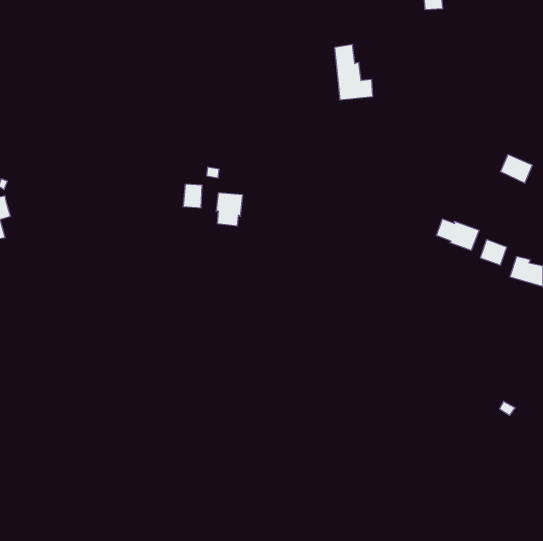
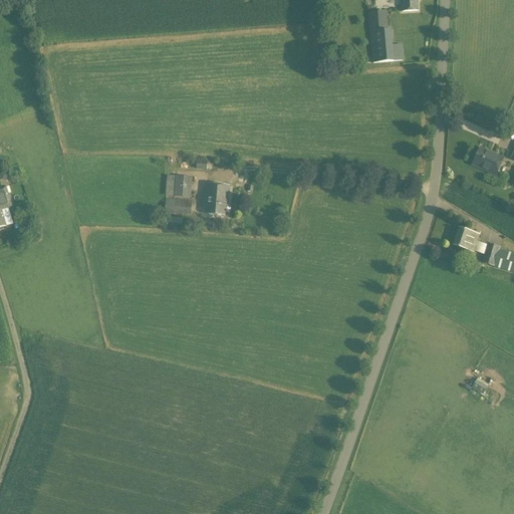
building: [335,44,373,100] -> [366,9,403,61]
building: none -> [164,196,191,213]
building: [436,219,479,250] -> none

